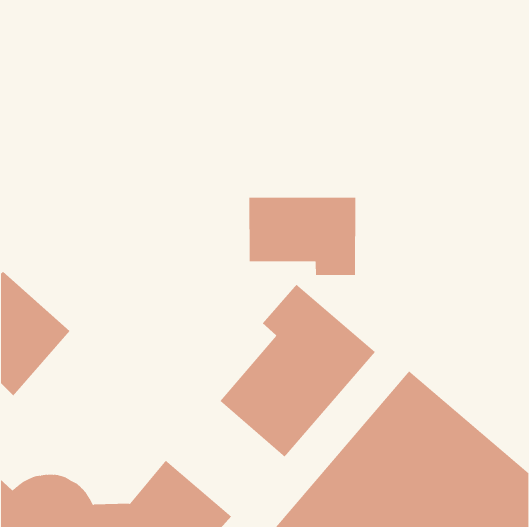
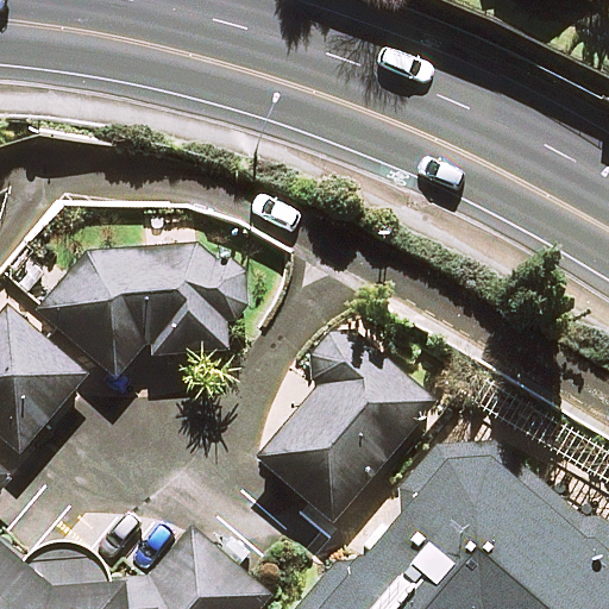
building: [249,197,356,276] -> none
building: none -> [34,255,245,383]

